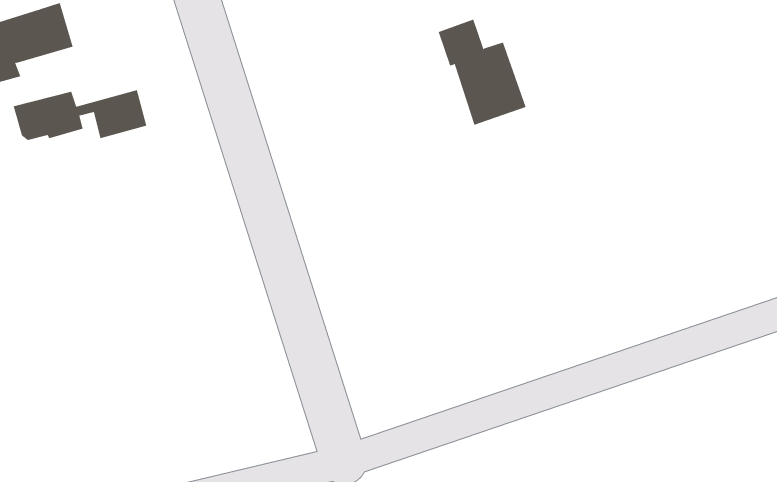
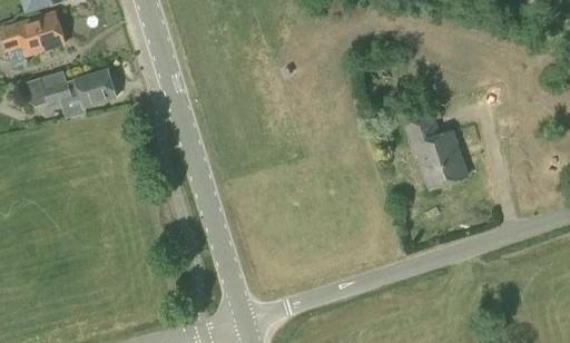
building: [438,19,526,125] -> [406,116,466,188]

